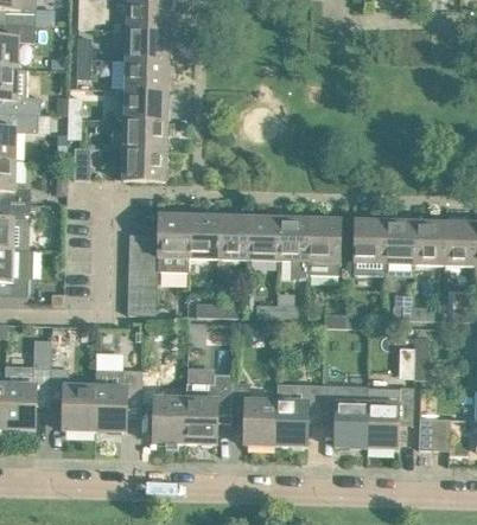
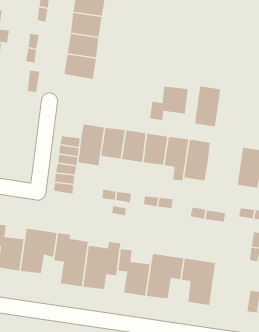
building: none -> [149,86,189,121]
building: [122,148,165,180] -> none
building: [352,218,384,274] -> [194,85,221,127]
building: [365,386,412,448] -> none

